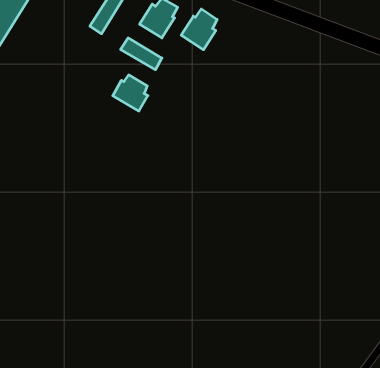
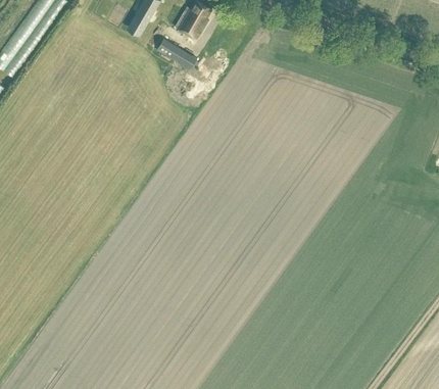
building: [181,9,217,50] -> none
building: [113,75,148,111] -> none

